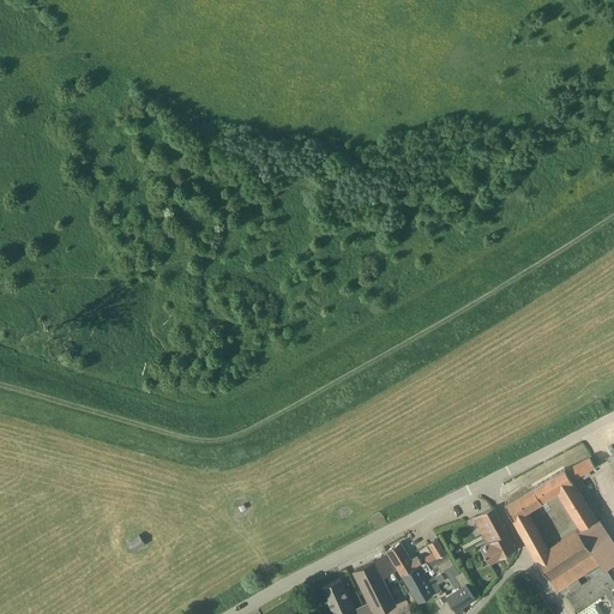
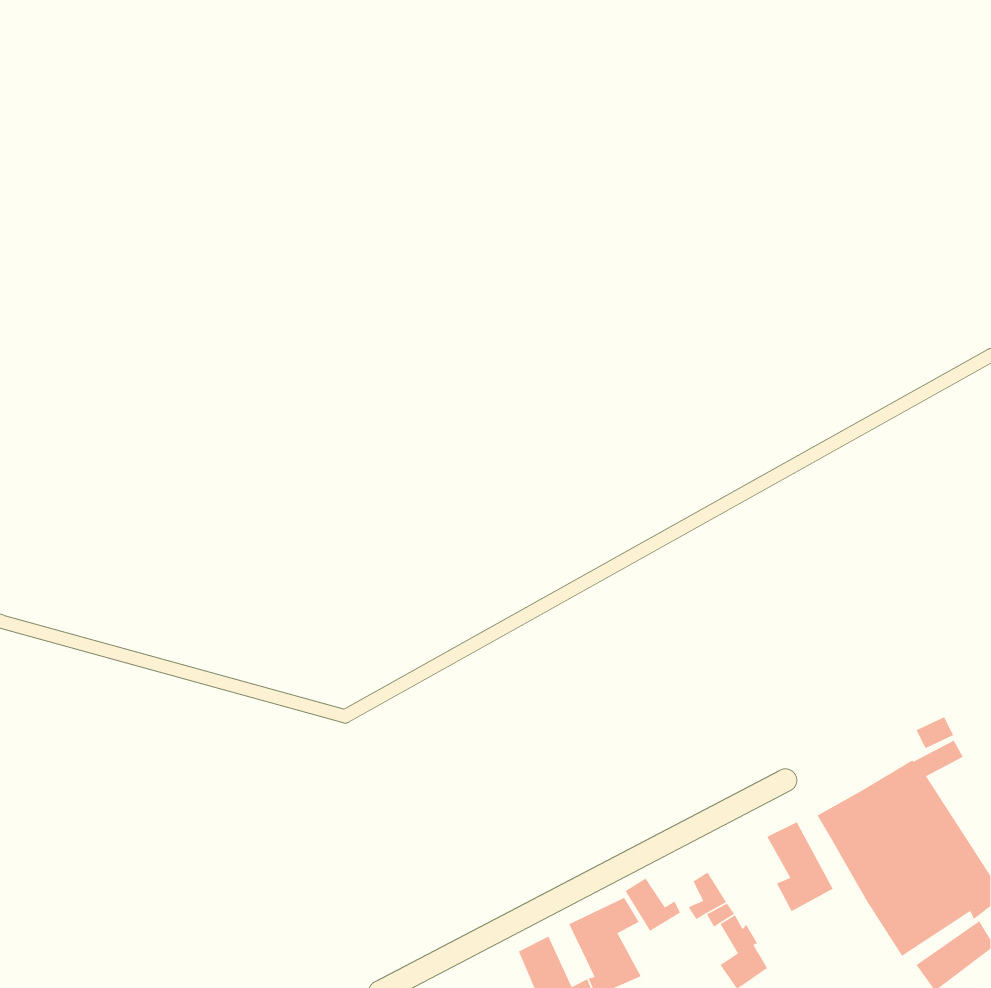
building: [402,564,440,604] -> none

